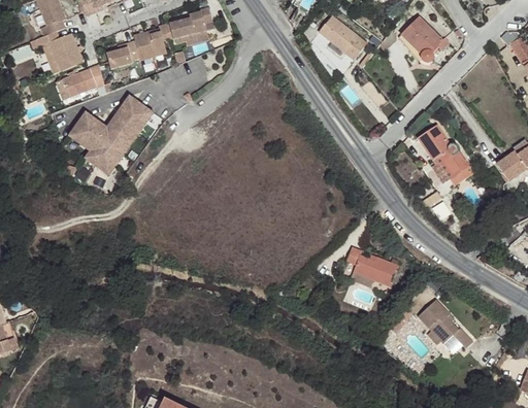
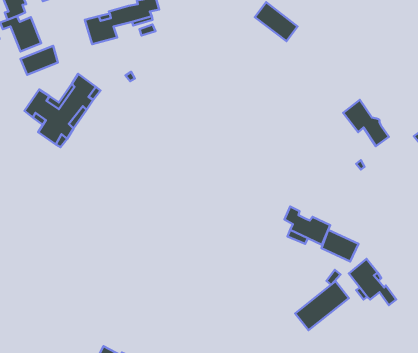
building: [402,18,443,62] -> none
building: [105,41,137,68] -> none
building: none -> [322,230,358,261]
building: none -> [295,281,349,330]

